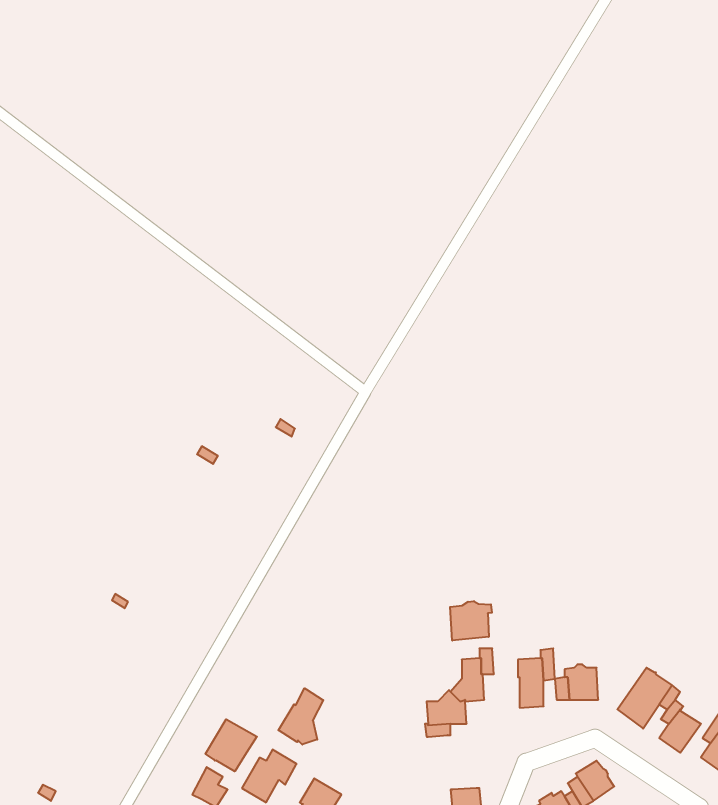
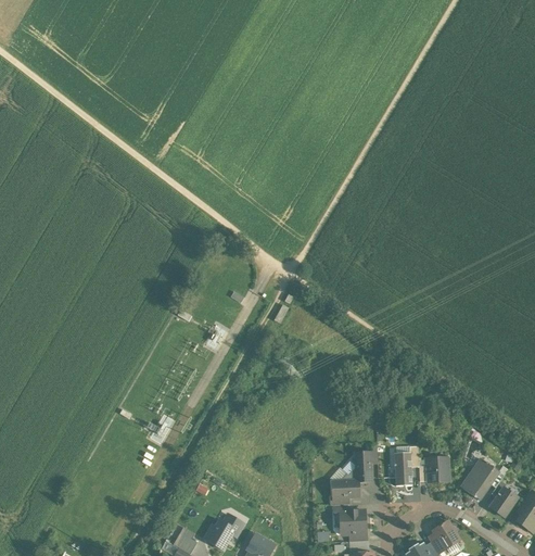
building: [450,601,492,641] -> none
building: [278,688,323,745] -> none
building: [205,719,257,771] -> none
building: none -> [340,510,366,535]

